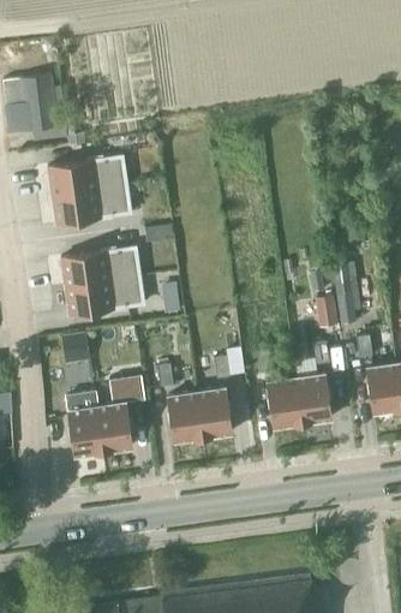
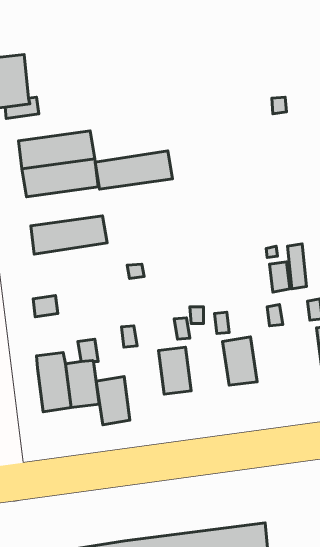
building: [64,275,146,316] -> [95,151,172,189]
building: [295,371,333,424] -> none
building: [167,391,203,442] -> [96,377,130,425]

